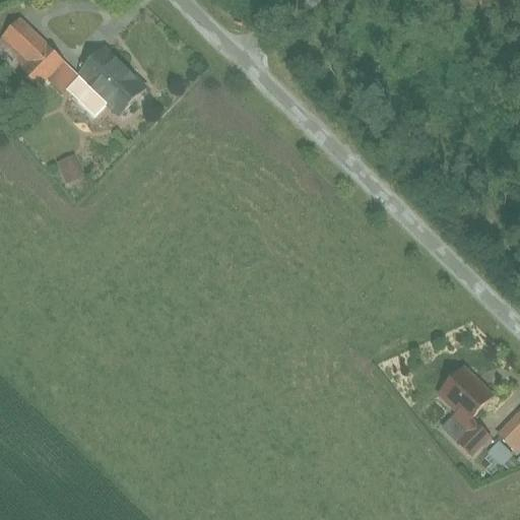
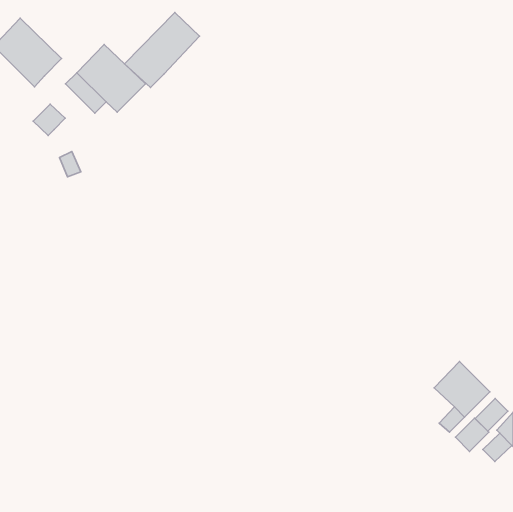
building: none -> [125,12,200,88]
building: [45,59,77,90] -> [33,104,65,135]
building: none -> [475,399,508,431]

